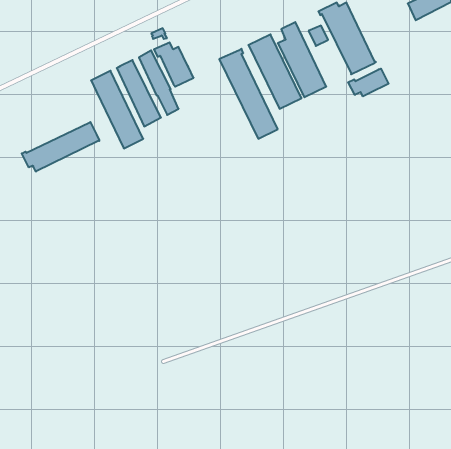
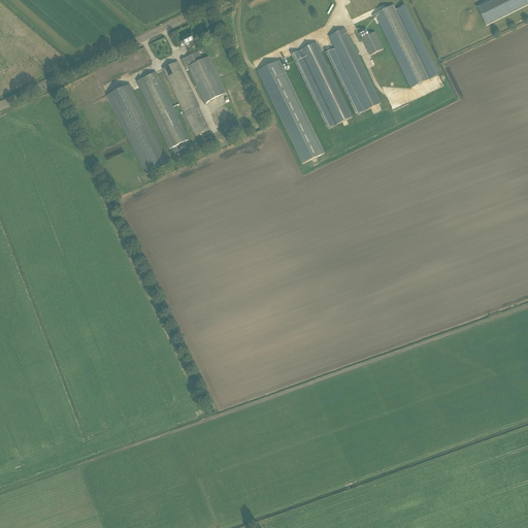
building: [348,69,389,96] -> none
building: [22,122,99,172] -> none

